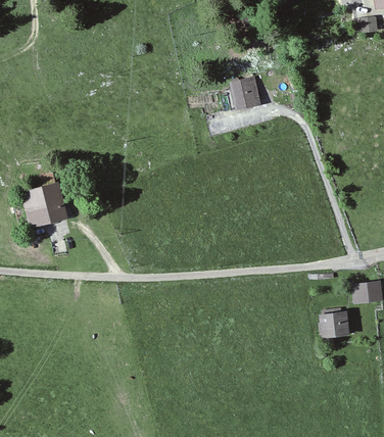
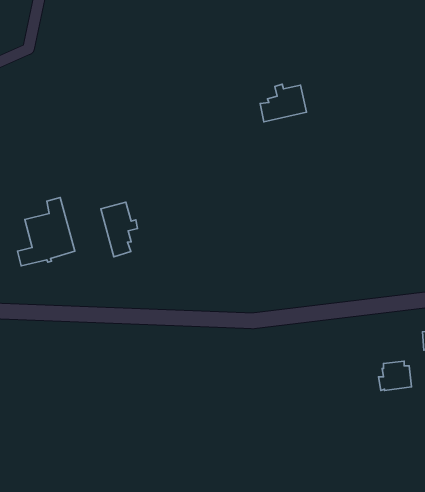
building: none -> [101,202,138,257]

